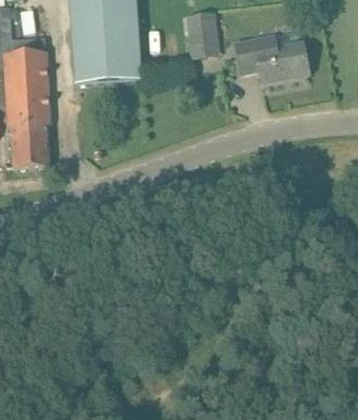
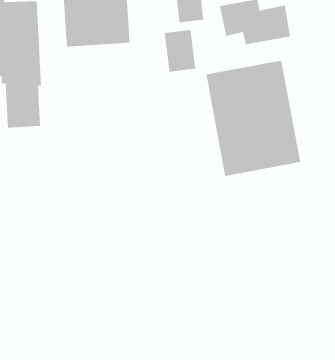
building: none -> [164,29,196,72]
building: none -> [206,60,301,177]

